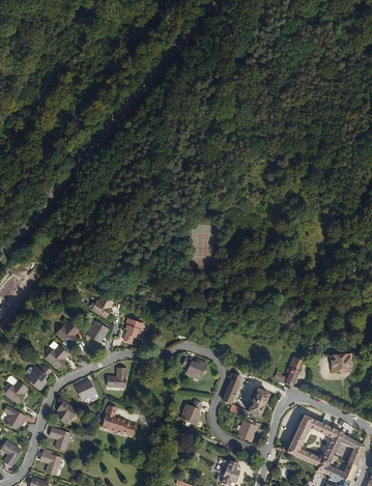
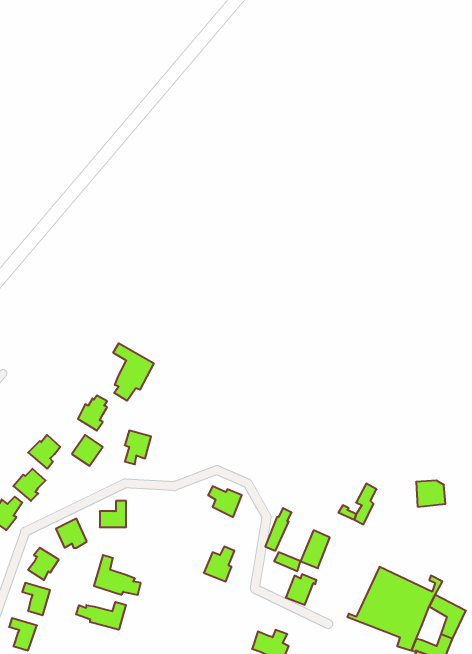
building: none -> [113,343,154,401]
building: none -> [76,602,126,630]

